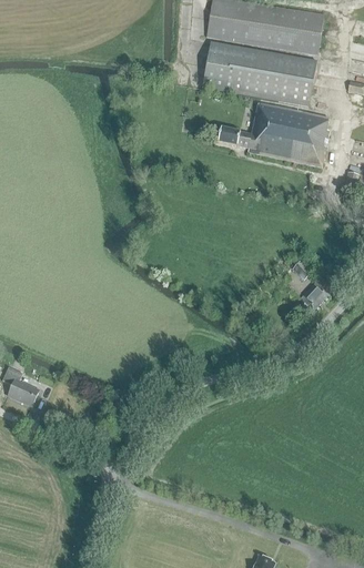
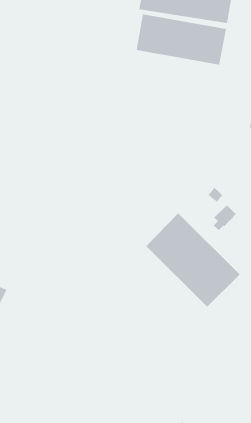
building: [218,102,330,172] -> none
building: none -> [145,212,240,307]

